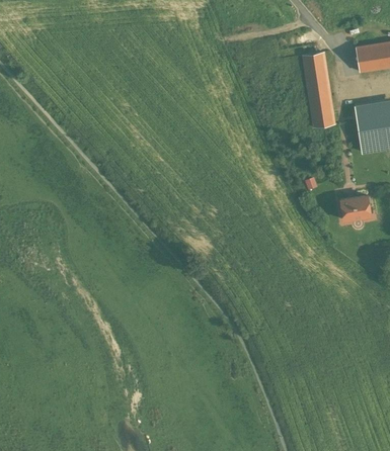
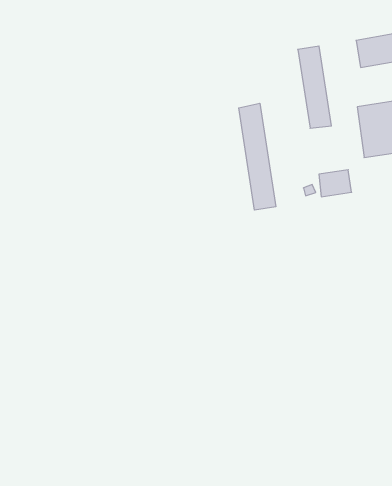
building: none -> [239,103,276,210]
building: [339,196,369,220] -> [319,170,352,197]

